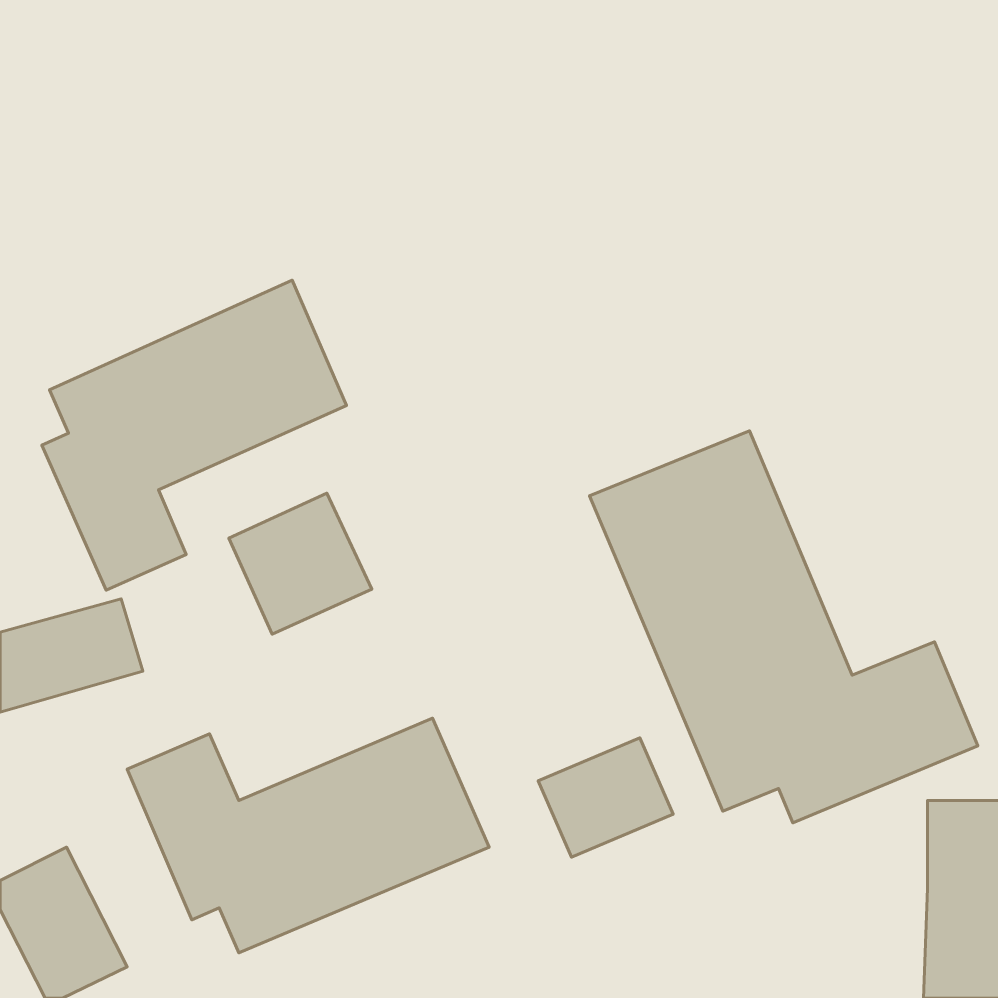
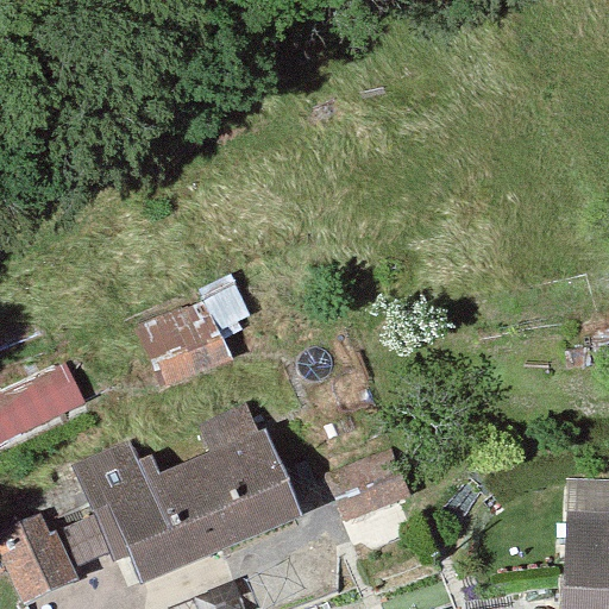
building: [42,280,346,590] -> none
building: [589,431,978,823] -> none

